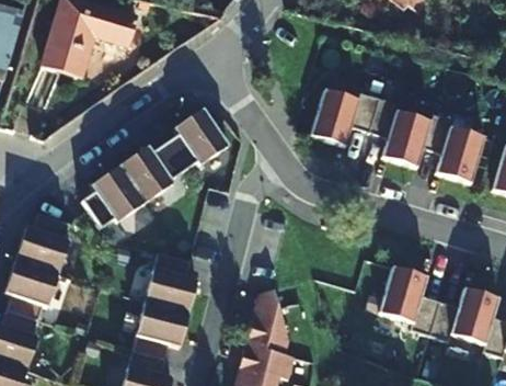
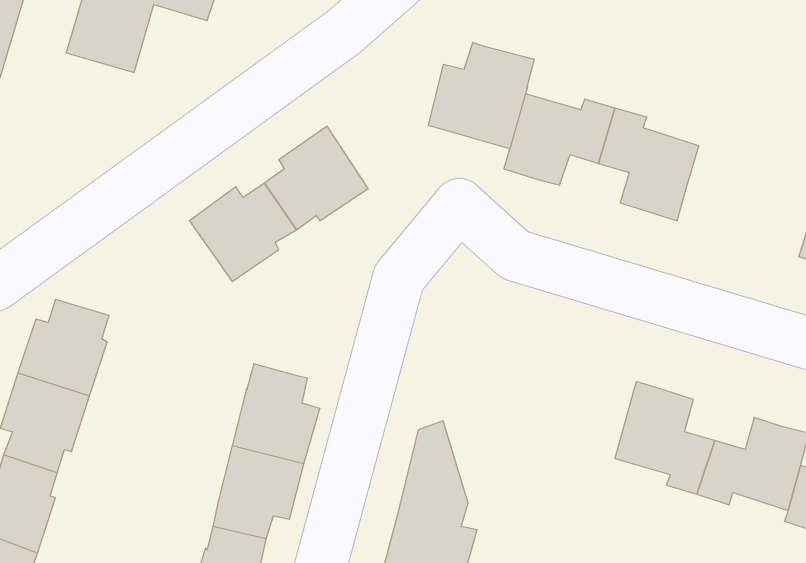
building: none -> [429,42,534,149]
building: [423,113,484,182] -> none
building: [80,167,145,229] -> none

